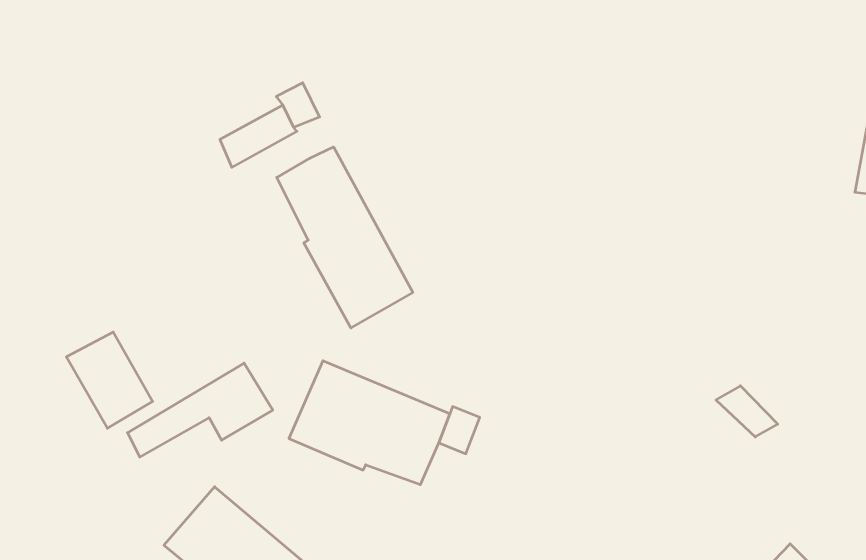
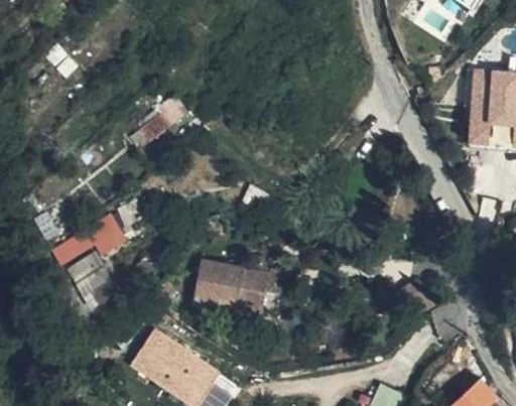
building: [277,147,413,328] -> none
building: [127,363,273,457] -> [49,215,125,271]

